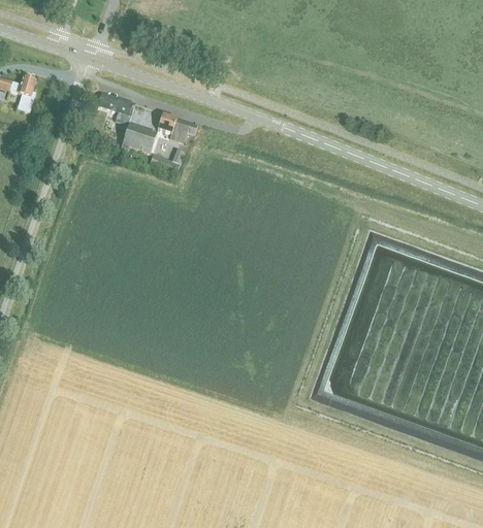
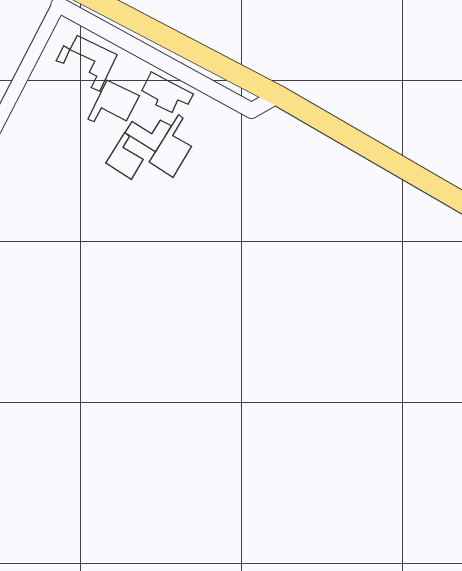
building: none -> [149,115,192,178]
building: none -> [106,133,143,180]

